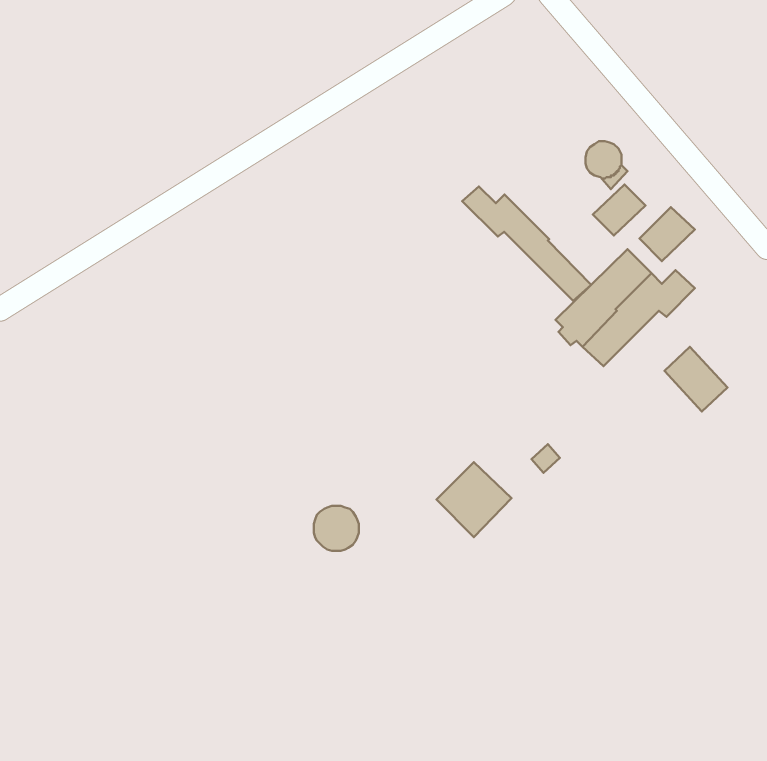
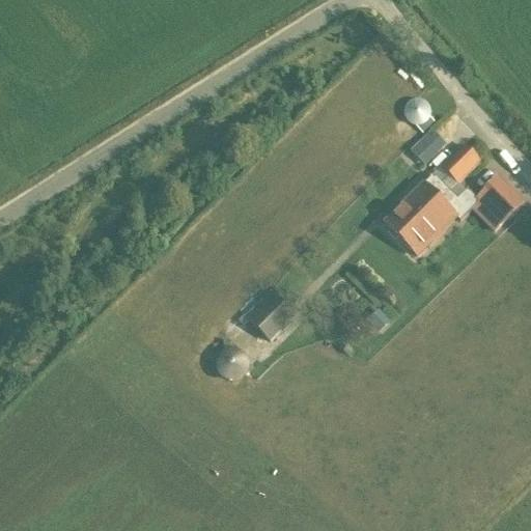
building: [462,187,591,301] -> none
building: [664,347,727,411] -> [479,174,523,219]
building: [436,462,511,537] -> [244,289,296,341]

